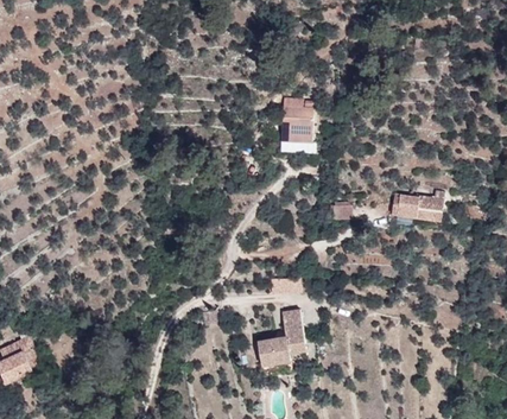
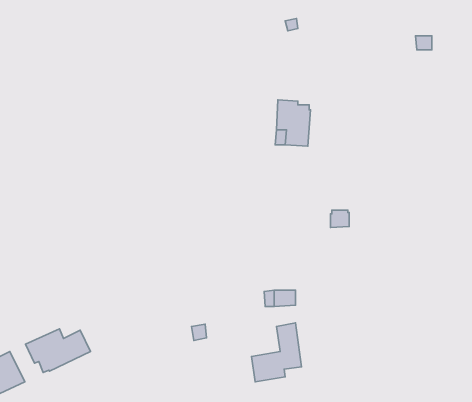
building: [391,190,444,224] -> none
building: none -> [26,329,90,372]

